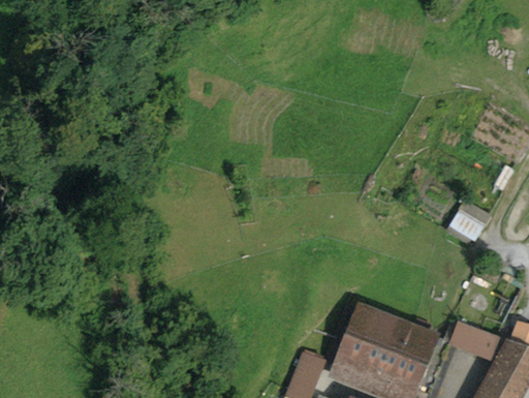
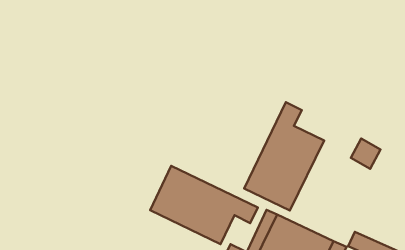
building: none -> [244,102,324,210]
building: none -> [150,166,258,244]

